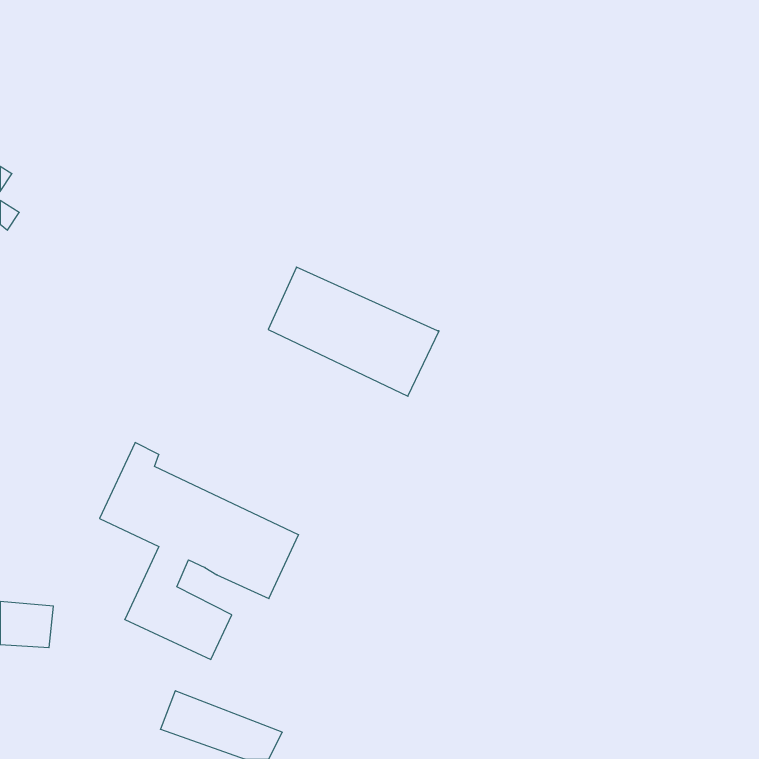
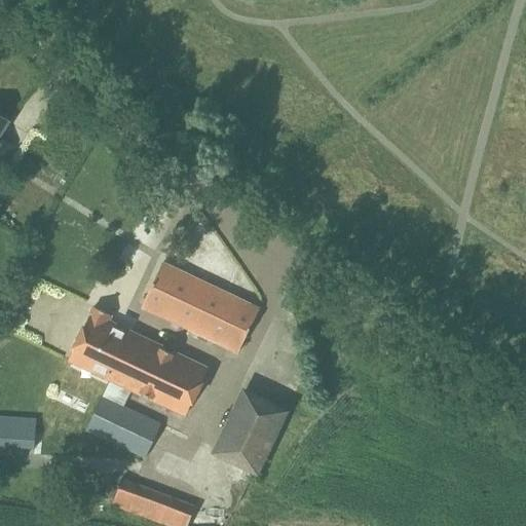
building: [268,267,439,396] -> [142,263,260,352]
building: none -> [219,394,281,467]

